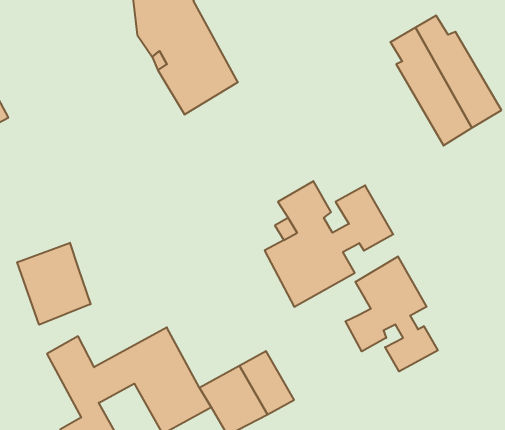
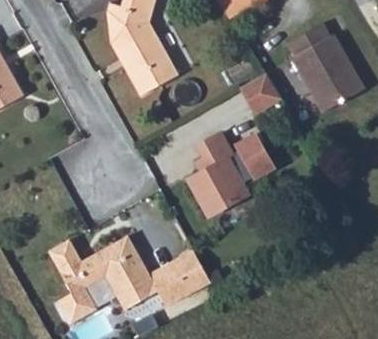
building: none -> [236,74,277,115]
building: [17,243,91,325] -> none
building: [345,256,438,371] -> none

